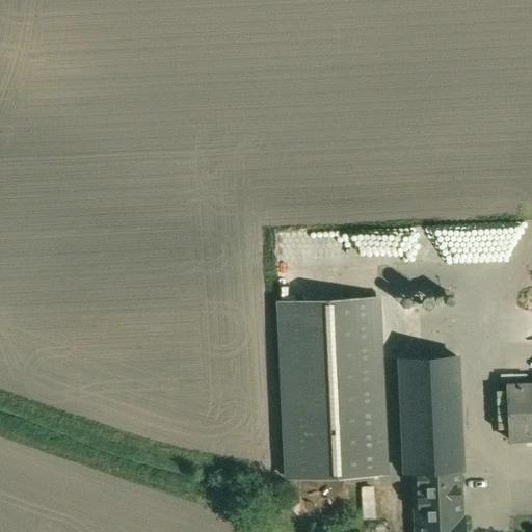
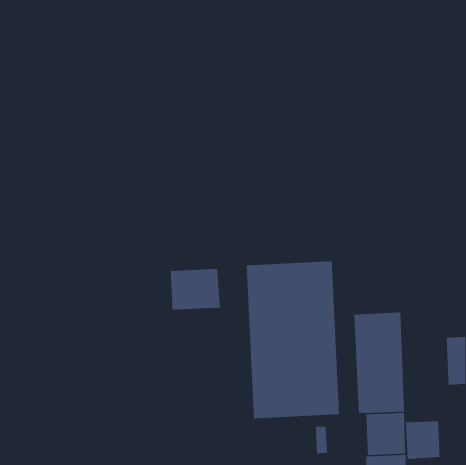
building: none -> [170,268,221,310]
building: none -> [405,420,440,460]

